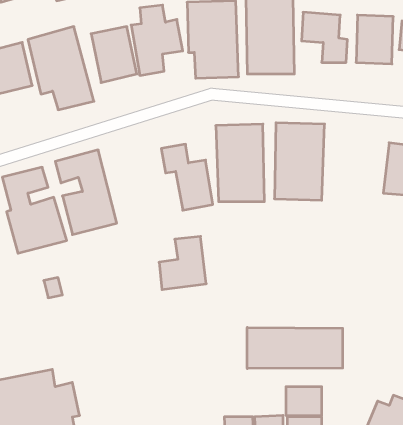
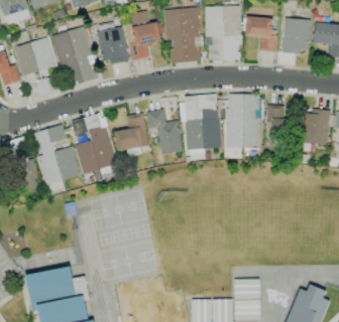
building: none -> [267,105,290,139]
building: [159,236,206,290] -> [115,113,148,150]
building: [247,327,343,369] -> none

